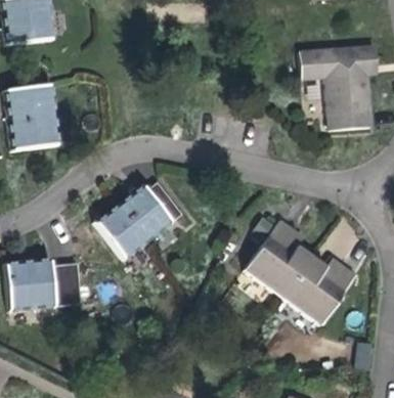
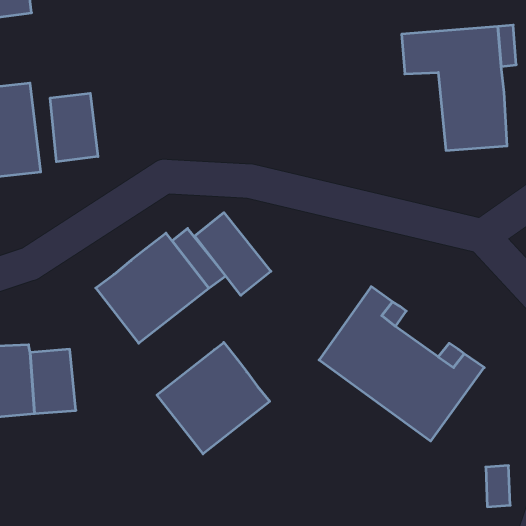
building: none -> [50,93,98,162]
building: none -> [195,213,271,295]
building: none -> [157,342,270,454]

